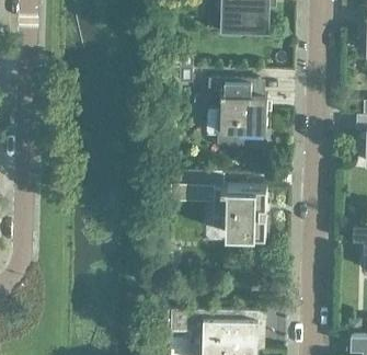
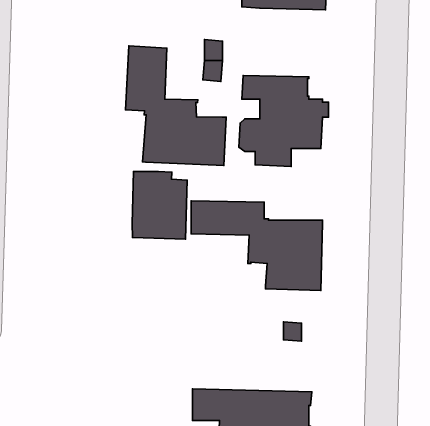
building: none -> [126,46,226,166]
building: none -> [132,171,187,239]

